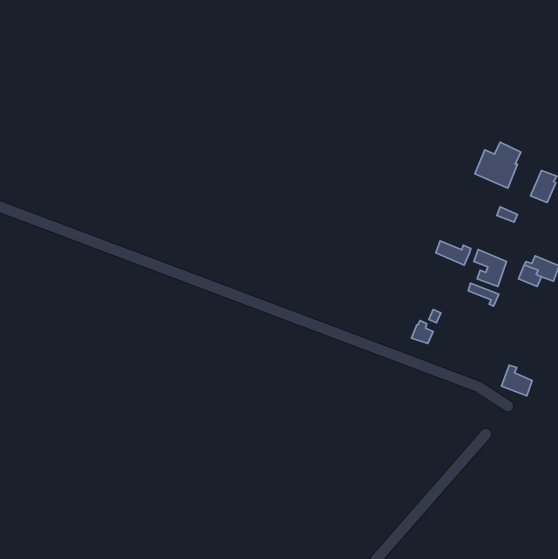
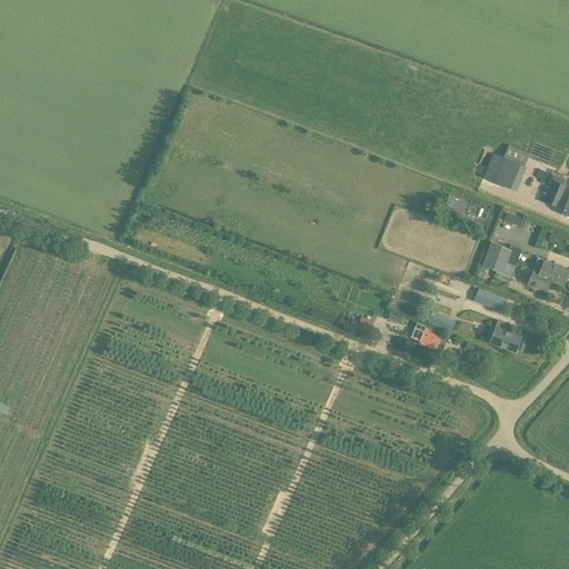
building: [436,241,471,265] -> [487,241,522,266]
building: [502,365,532,396] -> [490,321,521,352]

